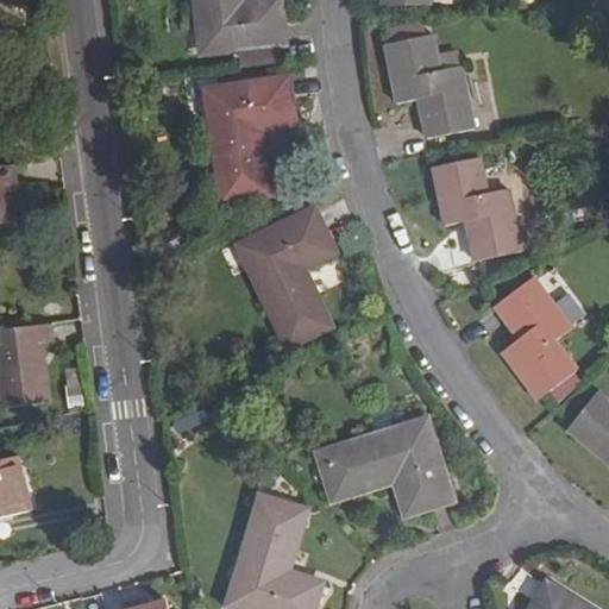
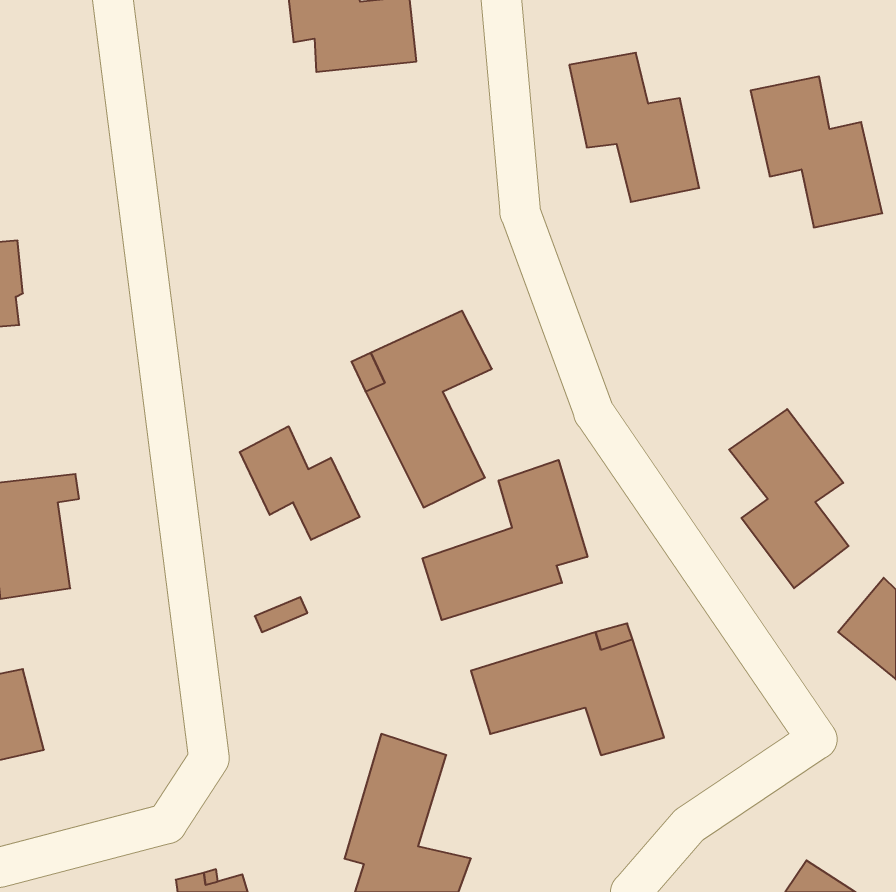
building: [209,79,293,199] -> none
building: [432,157,521,259] -> [751,76,882,227]
building: none -> [240,426,360,540]
building: none -> [422,460,587,620]

